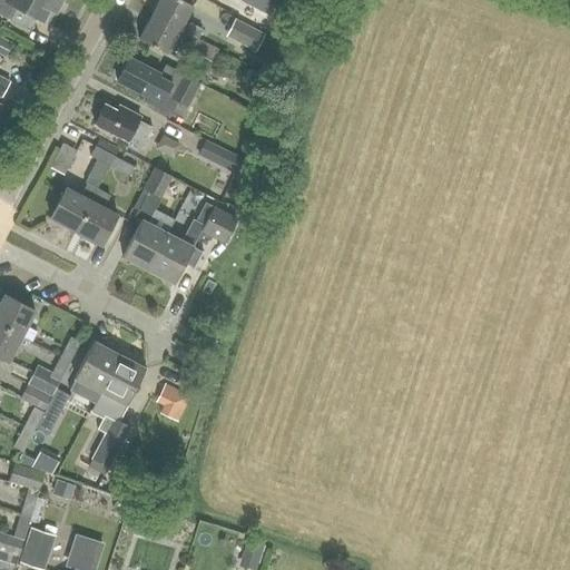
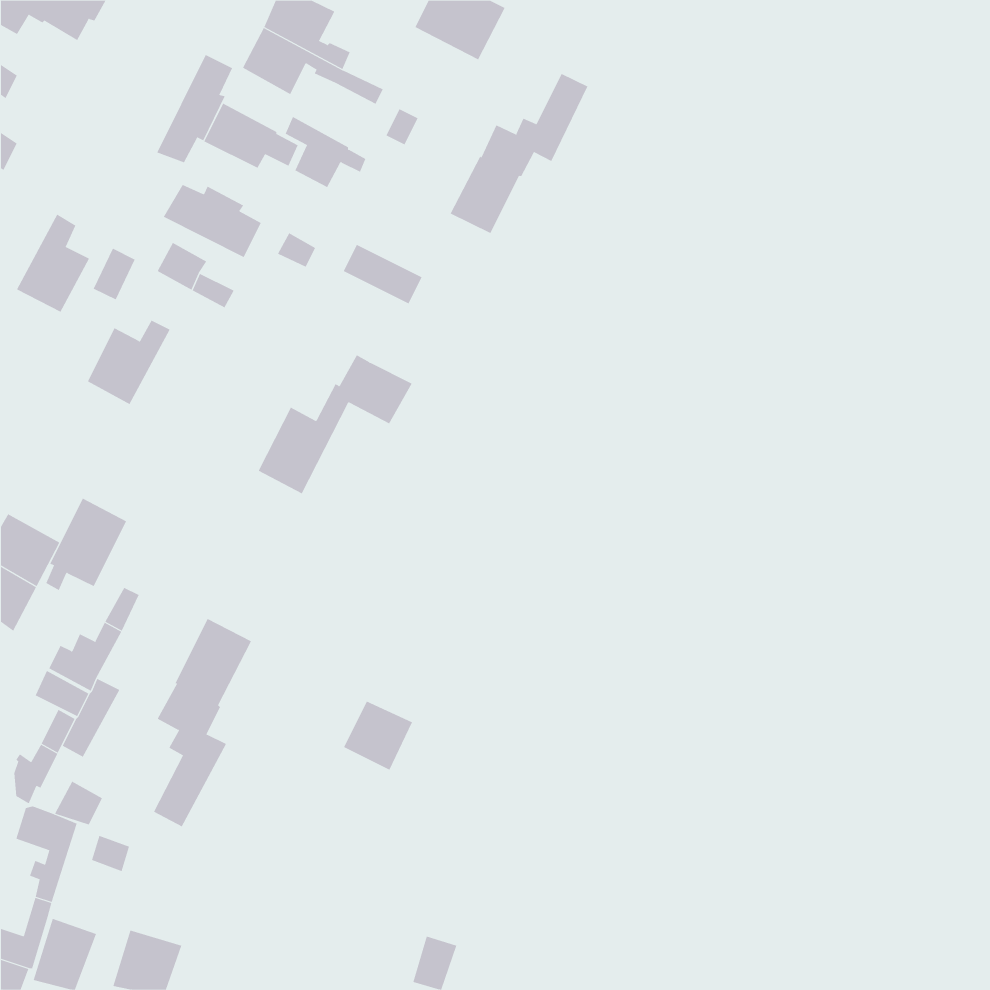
building: [226,19,265,52] -> none
building: none -> [156,54,233,163]
building: none -> [450,73,588,234]
building: [122,168,173,271] -> none
building: [75,189,117,246] -> [16,214,90,313]
building: [72,342,119,395] -> [46,498,127,591]
building: [154,382,194,422] -> [343,701,413,771]

